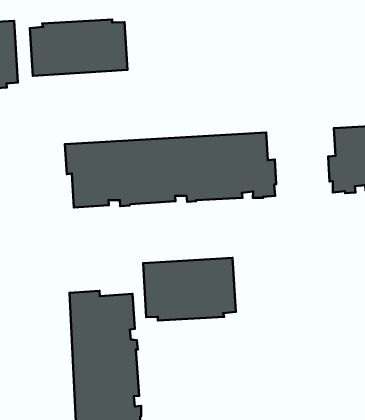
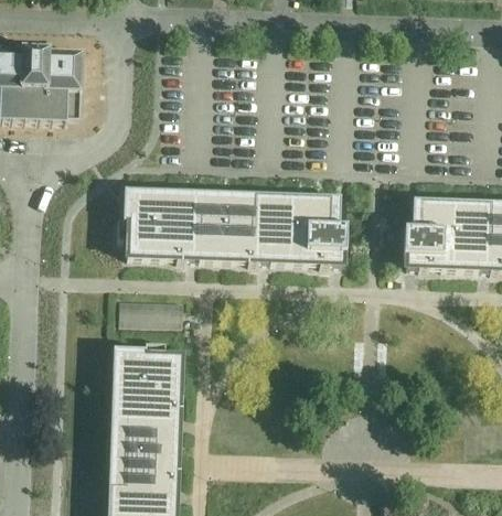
building: [30,19,127,76] -> none
building: [143,258,236,321] -> none

